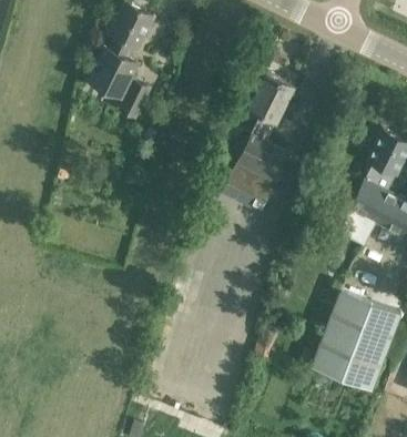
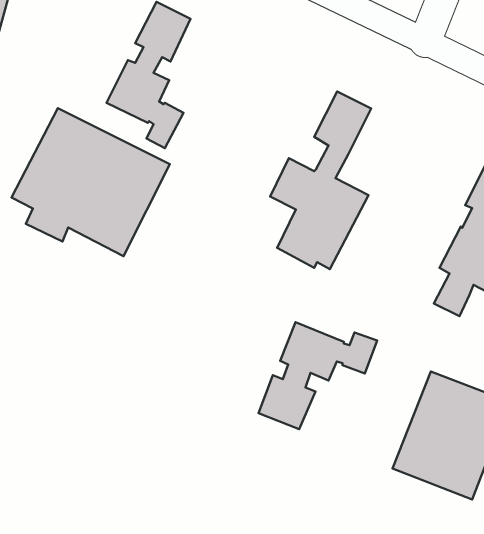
building: none -> [12,108,170,256]
building: none -> [259,322,377,429]

